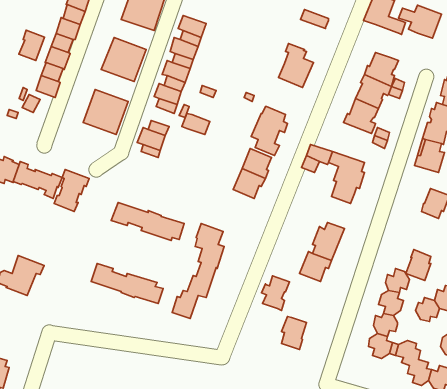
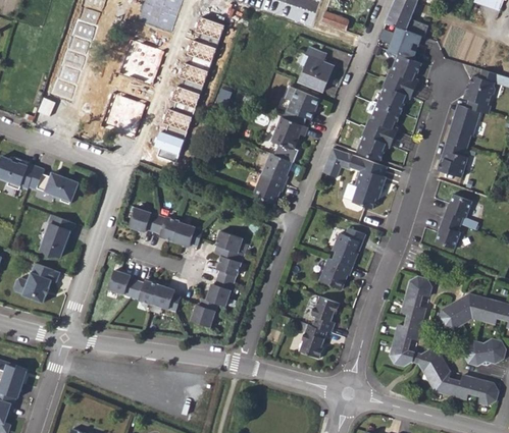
building: [398,5,442,38] -> [377,26,421,60]
building: [19,30,44,60] -> none
building: none -> [284,87,319,120]
building: [182,114,210,134] -> [163,109,192,130]
building: none -> [355,126,393,160]
building: [54,170,89,211] -> [39,214,74,257]
building: [406,249,431,280] -> [436,217,461,249]
building: [261,276,289,311] -> [310,296,339,332]

